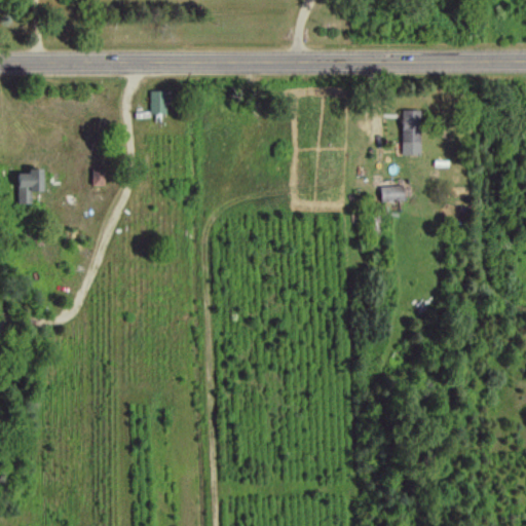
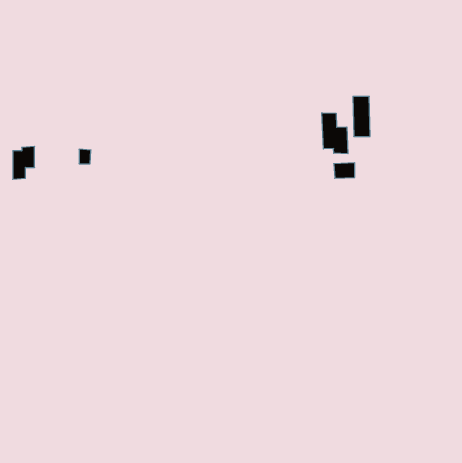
building: [150,91,168,115] -> none
building: none -> [322,113,348,154]

